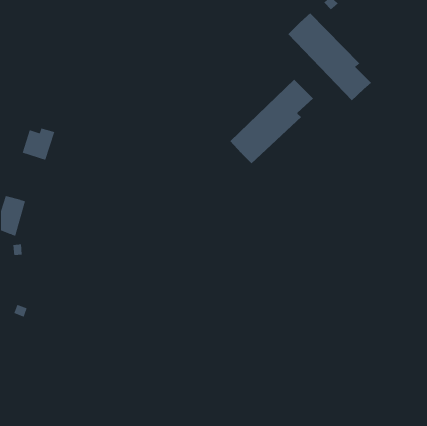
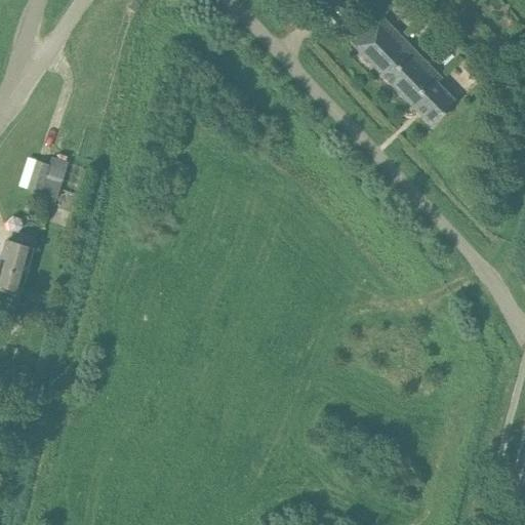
building: [229,79,314,164] -> none

